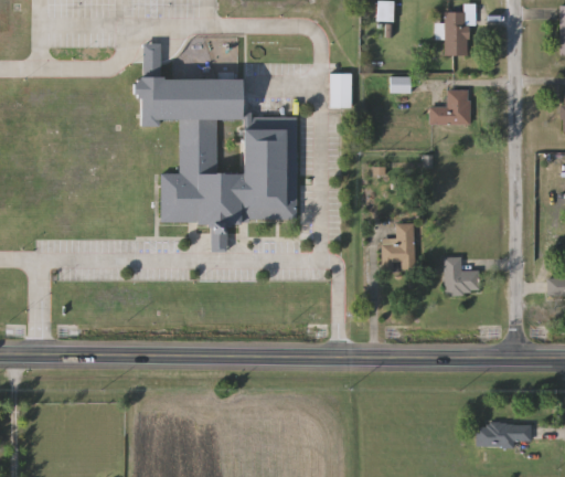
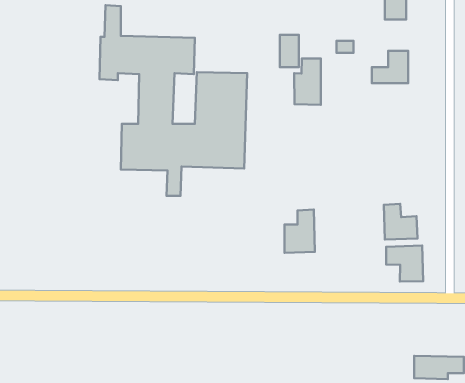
building: none -> [294,58,321,105]
building: [383,223,416,271] -> [284,209,315,253]
building: none -> [386,245,423,281]

